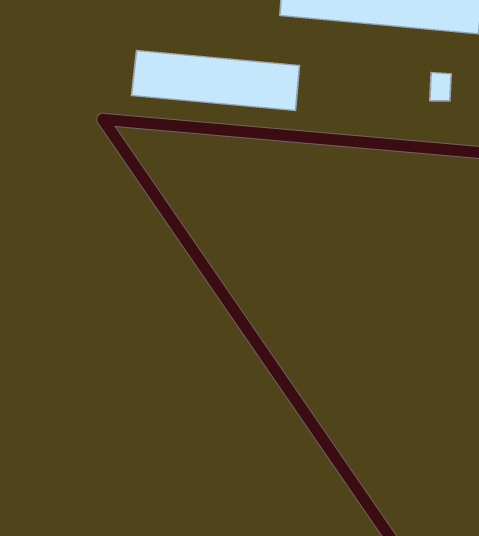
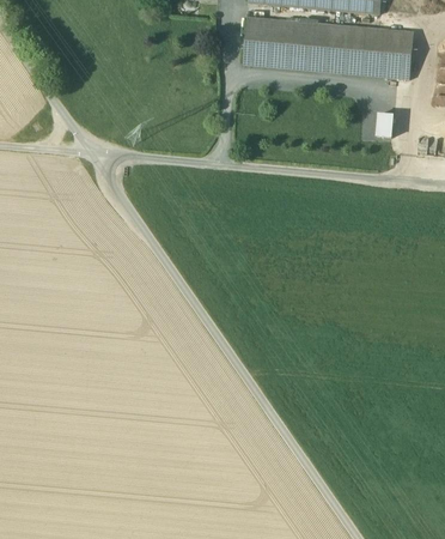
building: [132,50,299,111] -> none

